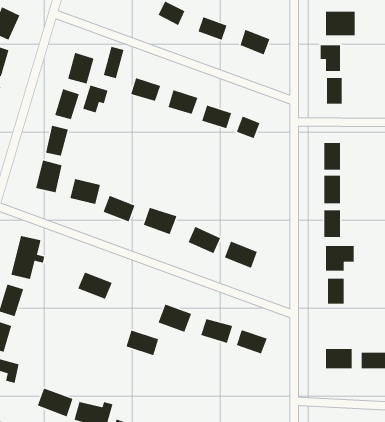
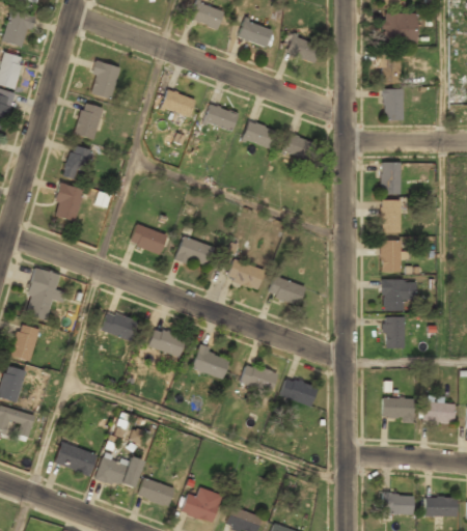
building: [103,46,125,79] -> none
building: [82,85,109,114] -> none
building: [70,178,101,205] -> none
building: [125,330,159,356] -> [148,328,187,358]

